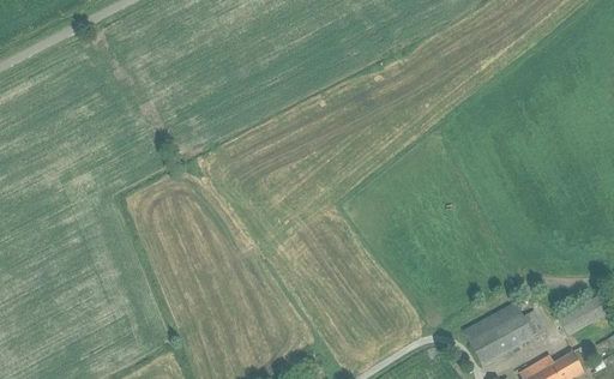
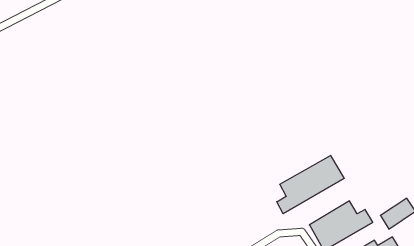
building: none -> [277,155,344,214]

